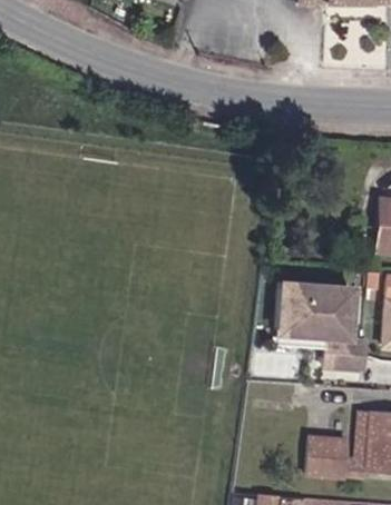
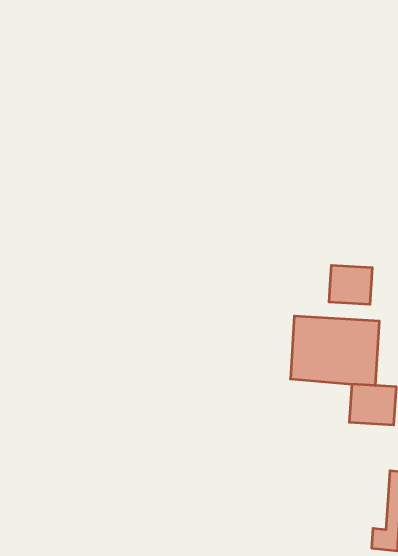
building: none -> [329,265,372,304]
building: [309,438,348,476] -> none

